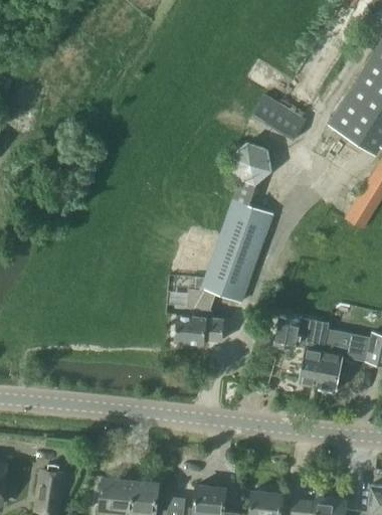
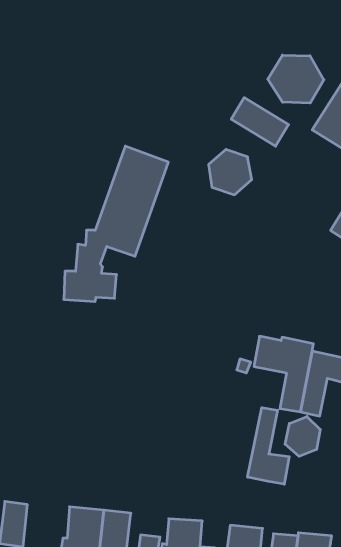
building: none -> [268,55,324,103]
building: [175,199,272,344] -> [64,146,168,302]
building: none -> [248,408,289,484]
building: none -> [285,416,320,456]

